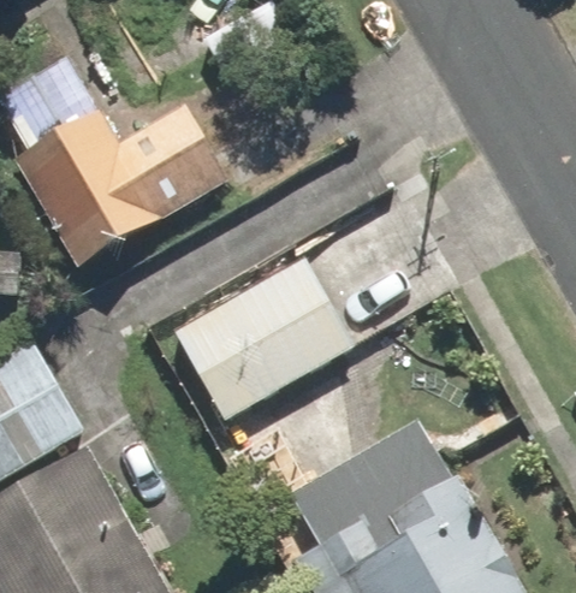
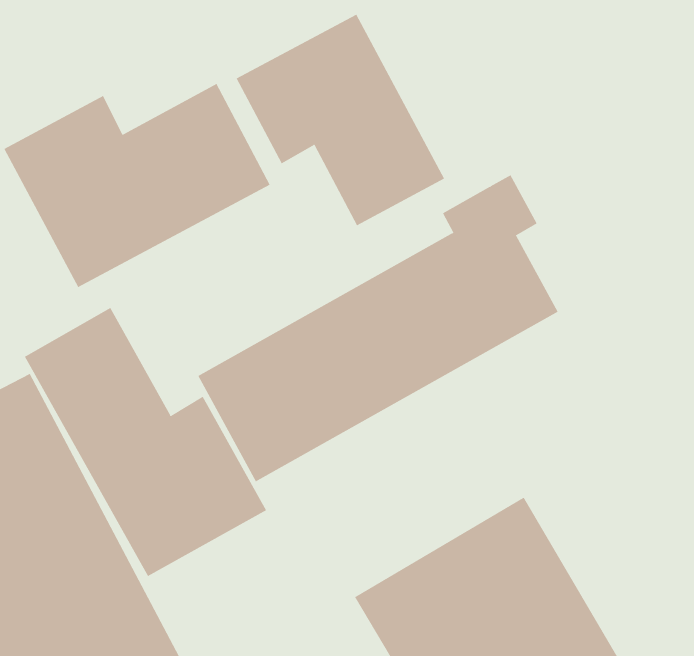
building: none -> [236,14,445,226]
building: none -> [24,307,267,577]

